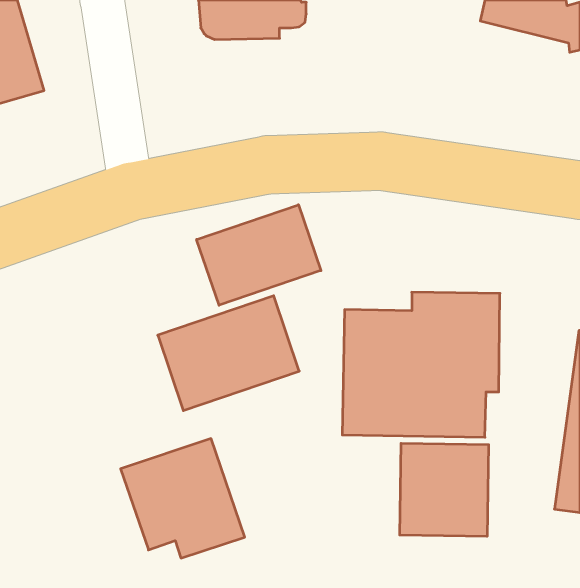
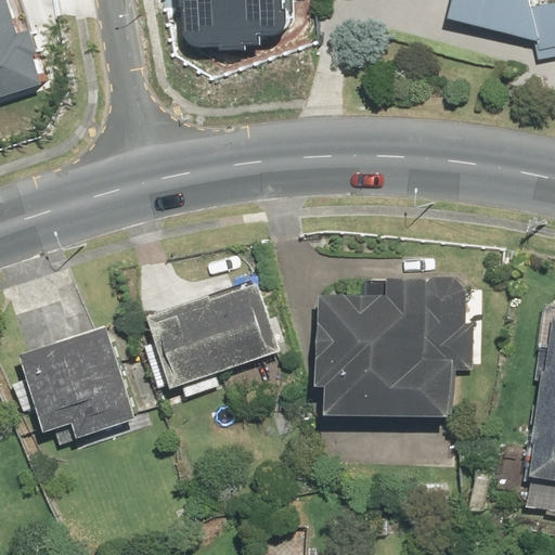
building: [197,205,321,305] -> none
building: [121,439,245,558] -> [20,326,135,438]
building: [400,443,489,536] -> none

